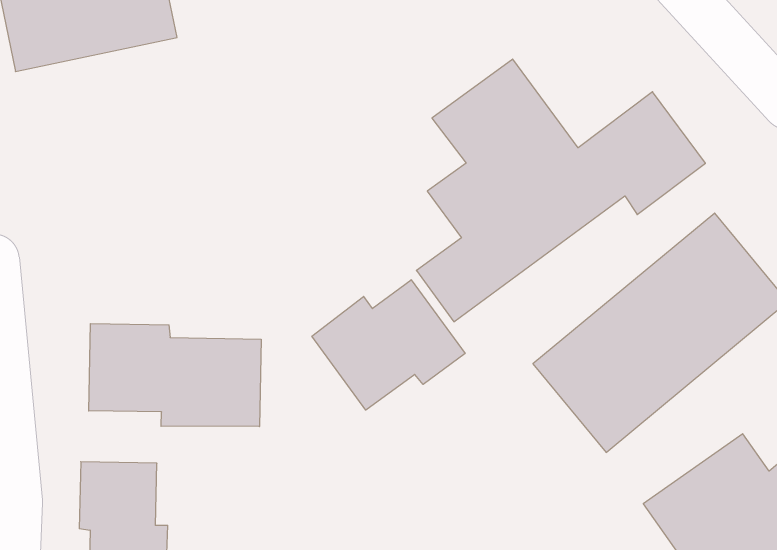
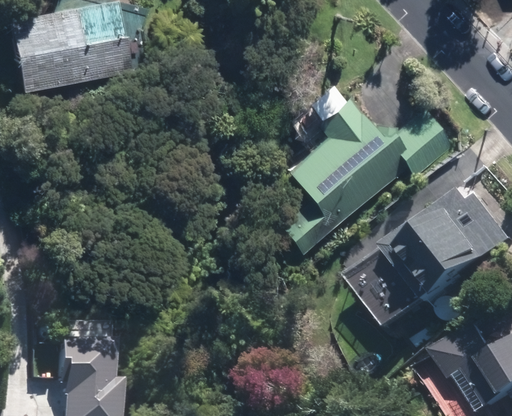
building: [312,280,465,410] -> none
building: [89,324,261,427] -> none

